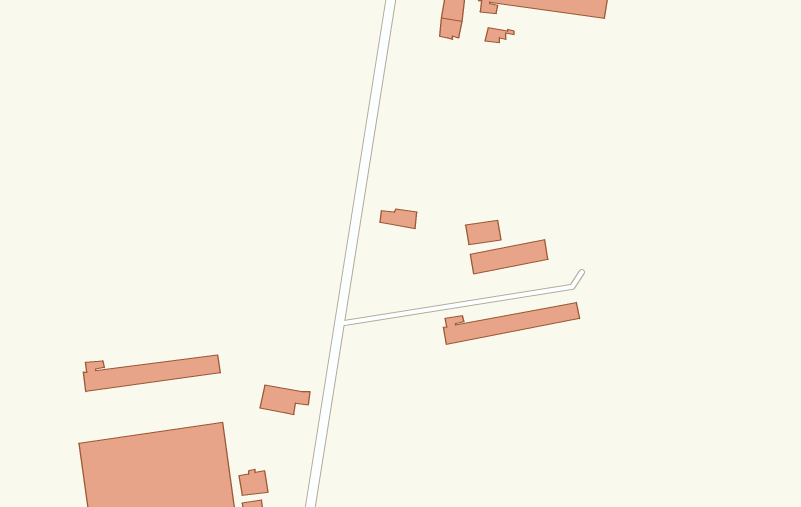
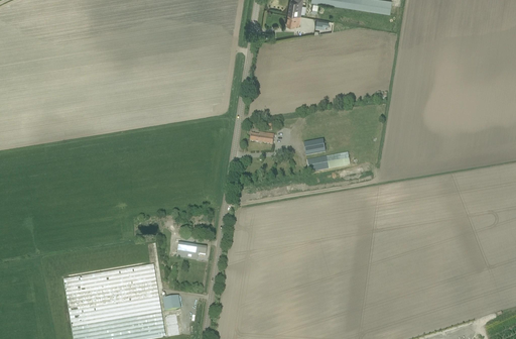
building: [443,302,579,344] -> none
building: [83,355,220,392] -> none

